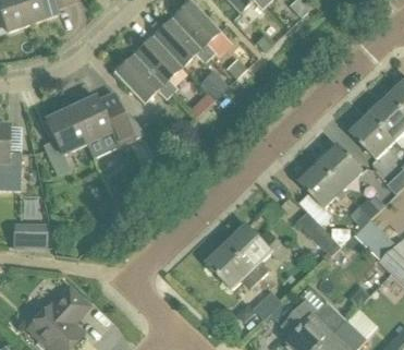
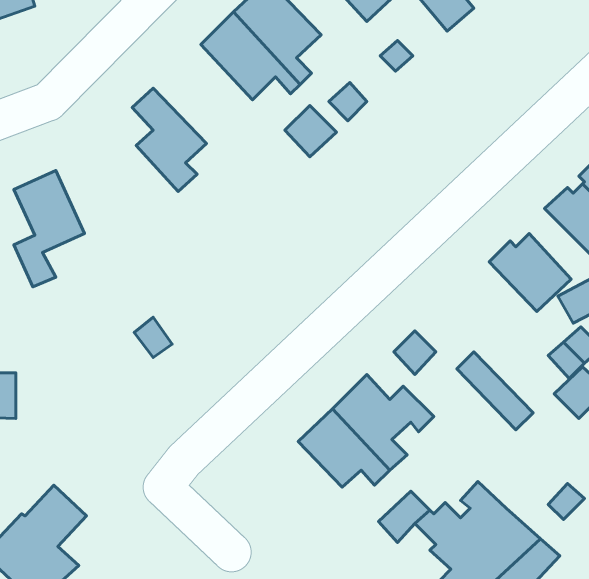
building: [133,35,182,93] -> none
building: [70,93,145,157] -> none
building: [297,159,344,206] -> none

